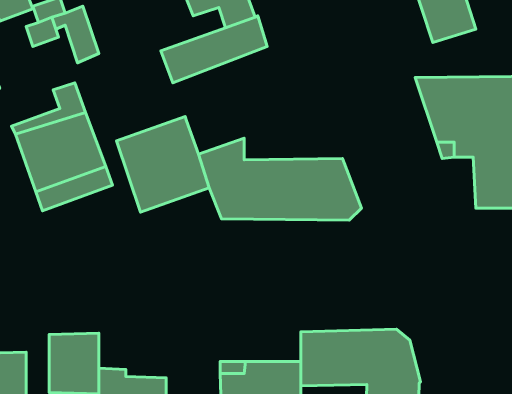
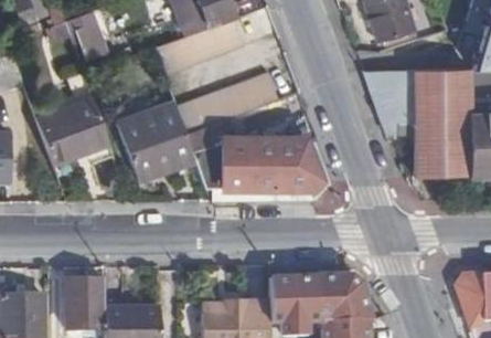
building: none -> [177,74,277,133]

